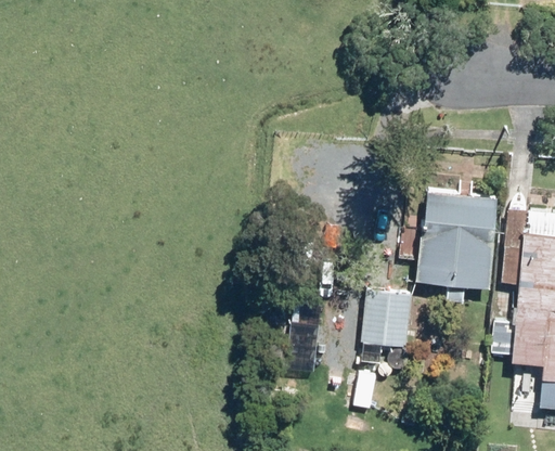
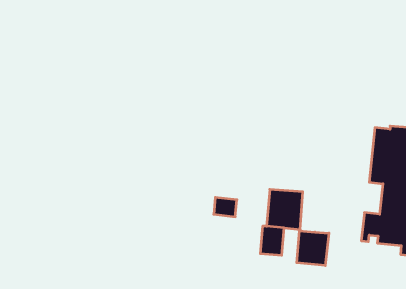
building: [420,193,498,301] -> none
building: none -> [297,231,329,266]

